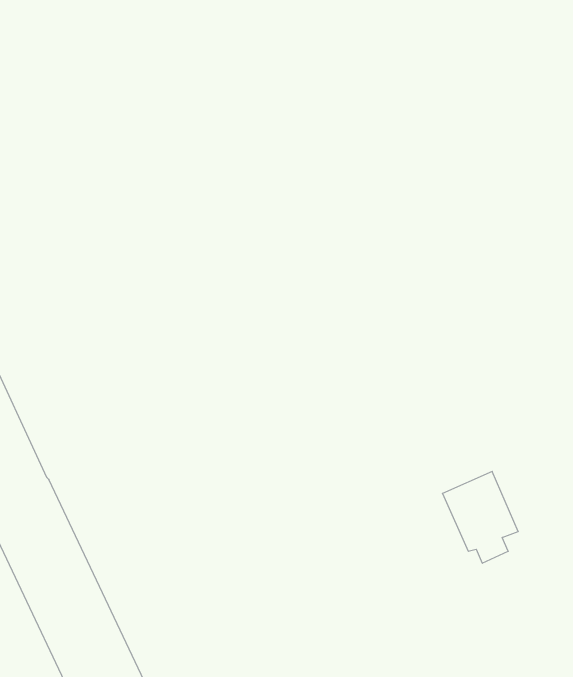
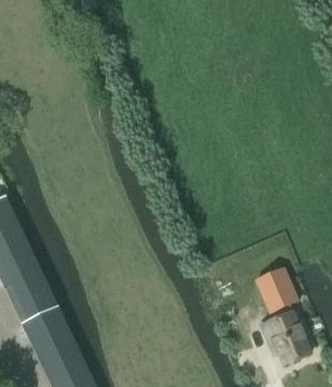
building: none -> [261,311,310,363]

